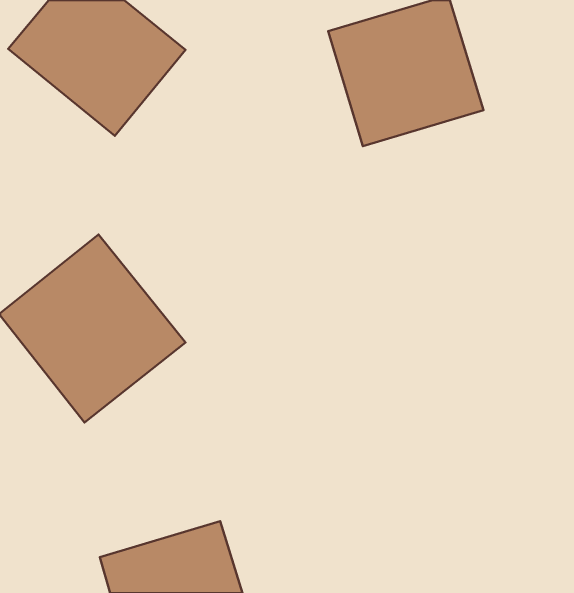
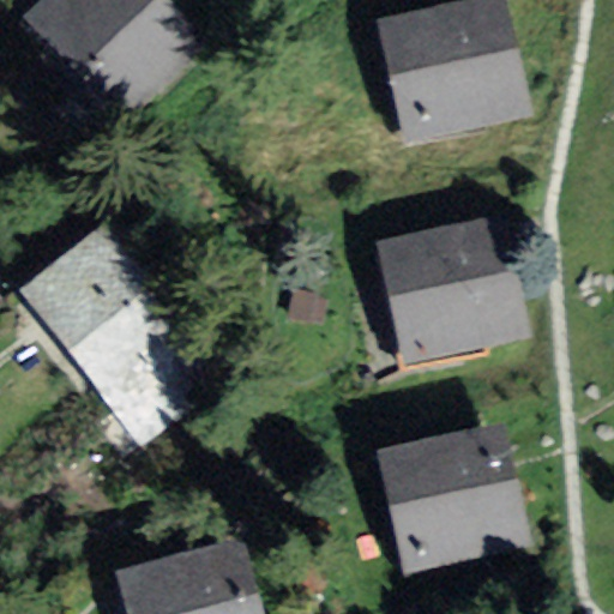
building: none -> [367,199,528,355]
building: none -> [371,413,530,568]

